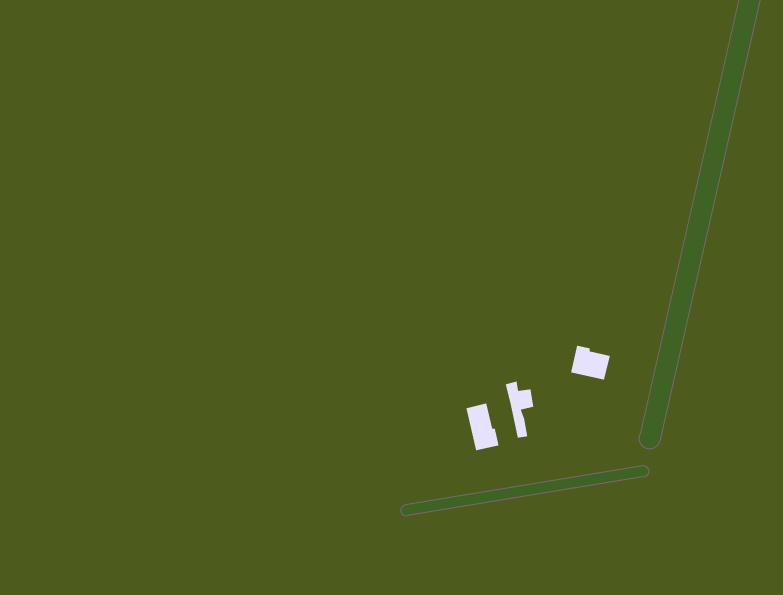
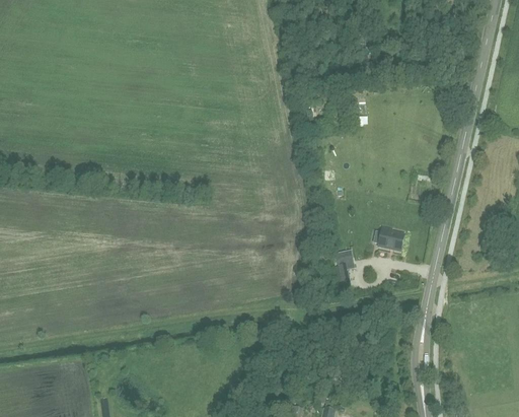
building: [466,402,500,451] -> none

